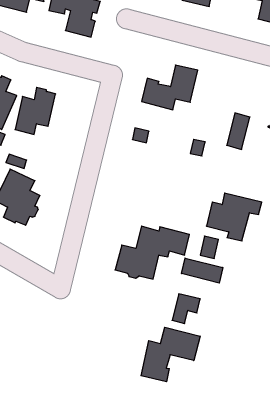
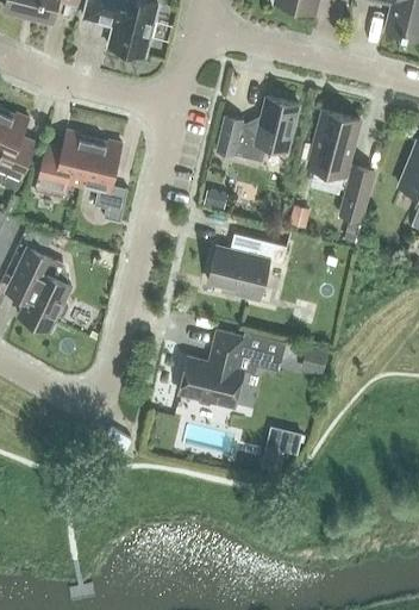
building: none -> [308,111,359,176]
building: none -> [83,139,129,222]
building: [206,193,262,241] -> [208,234,288,303]
building: [182,258,223,283] -> none
building: [141,327,200,382] -> none

